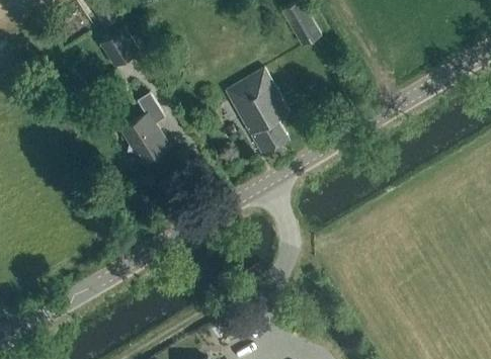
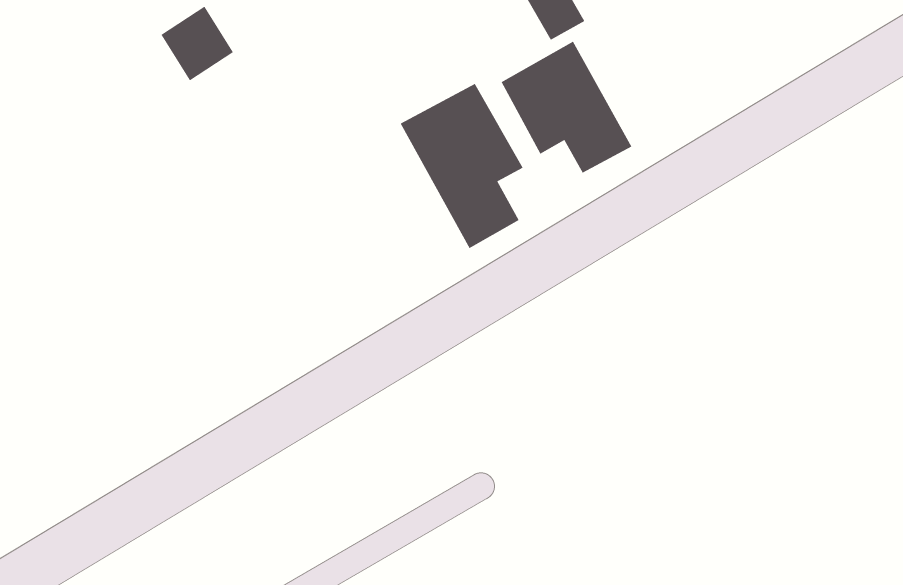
building: none -> [501,41,632,174]
building: [118,94,171,166] -> none

